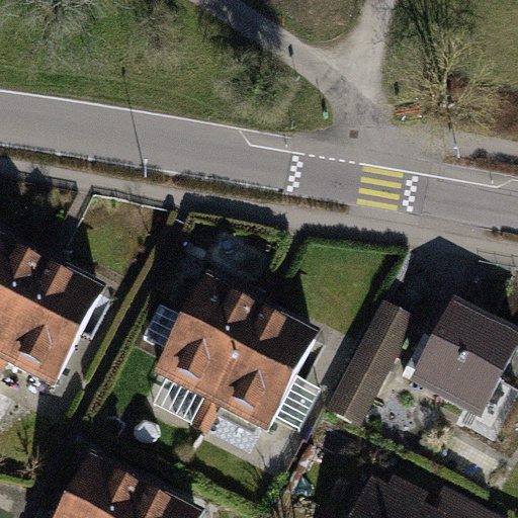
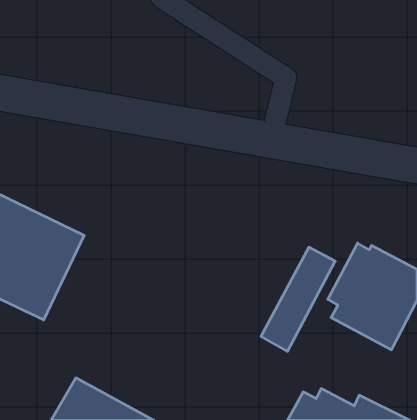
building: [158,281,319,436] -> none

